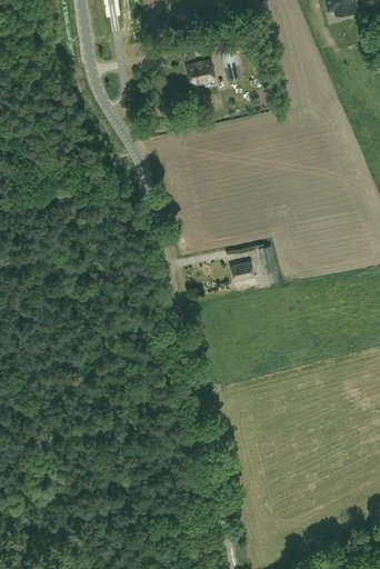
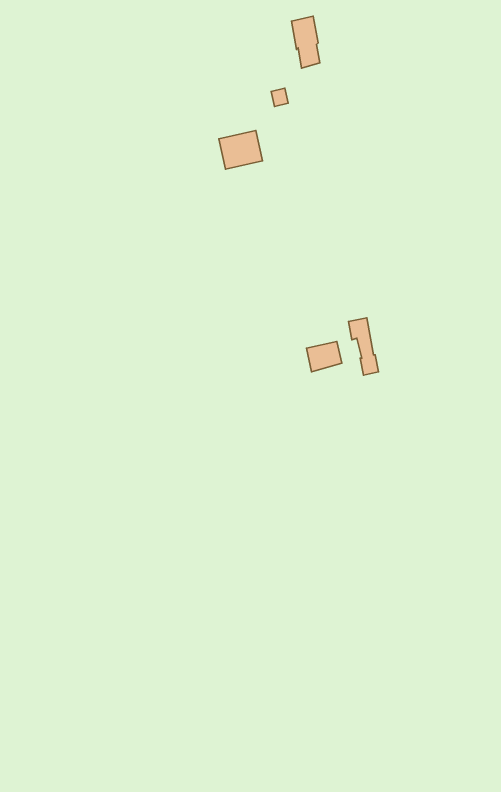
building: [187,60,216,86] -> [219,130,262,169]

